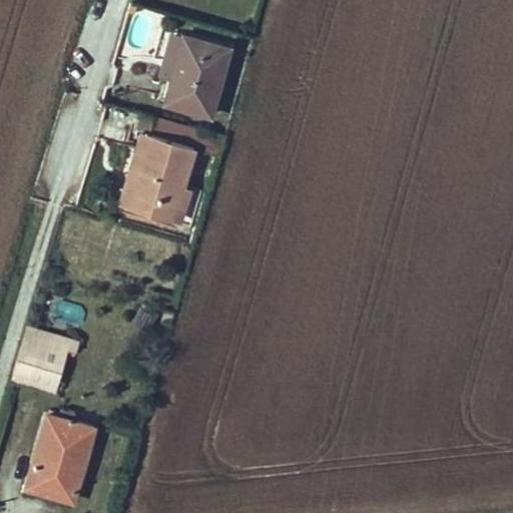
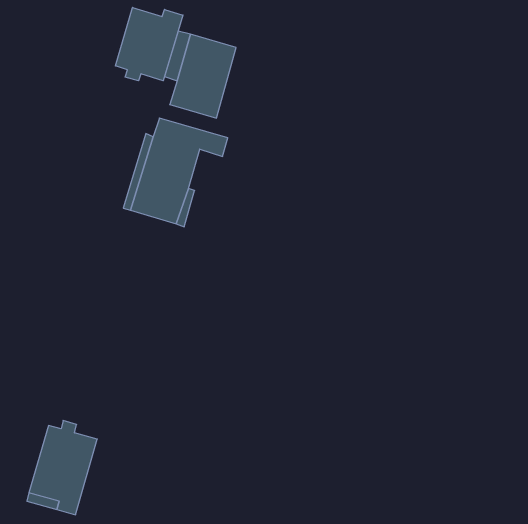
building: none -> [115,7,183,81]
building: [12,332,78,393] -> none

